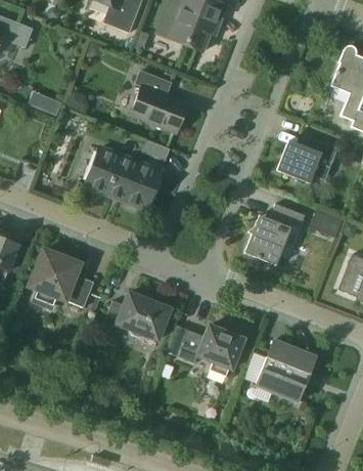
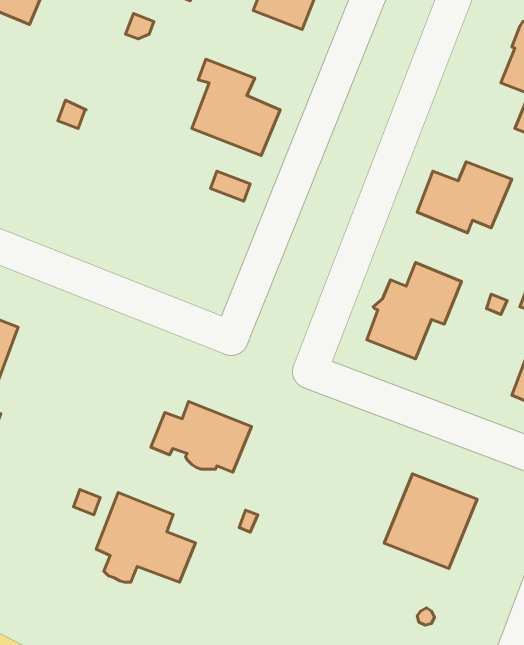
building: [86,147,162,209] -> none
building: [30,249,94,307] -> [96,492,195,582]
building: [178,325,244,376] -> none

